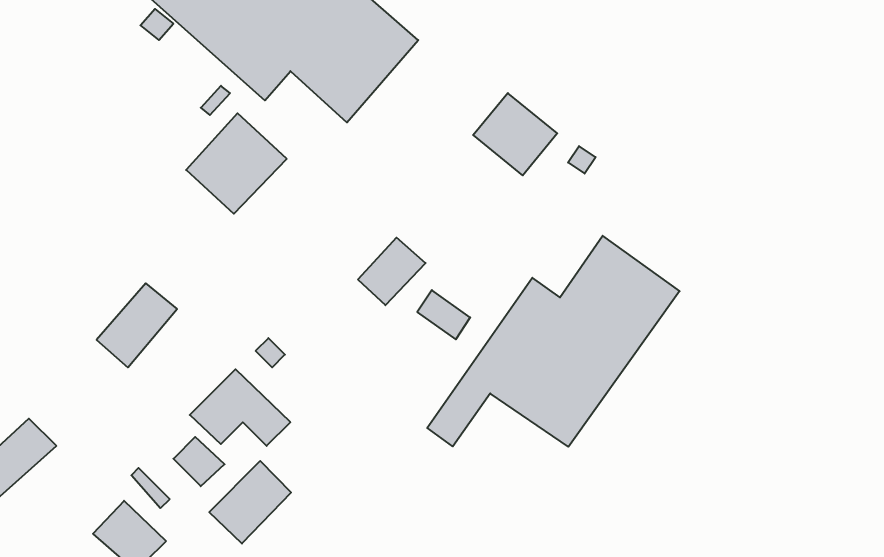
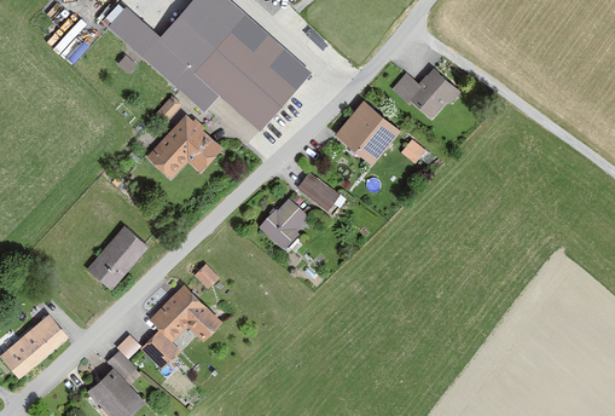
building: none -> [396,70,456,117]
building: [427,236,680,447] -> none
building: [417,290,470,339] -> [301,174,336,207]
building: [209,461,291,544] -> none

